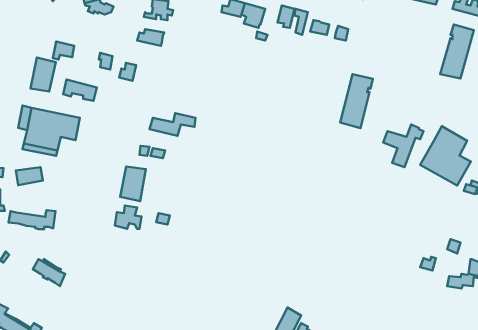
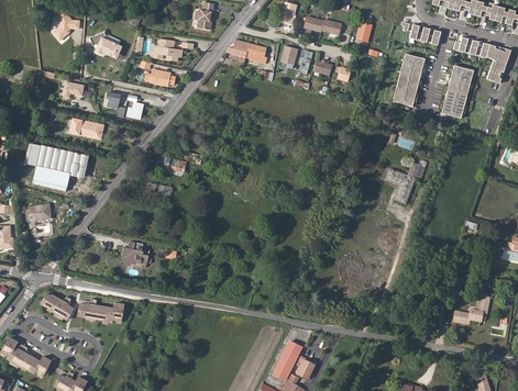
building: [31,58,56,91] -> none
building: [340,74,373,128] -> [393,53,425,105]
building: [420,126,471,186] -> none
building: [120,166,146,201] -> none
building: [8,210,56,229] -> [78,303,124,322]

